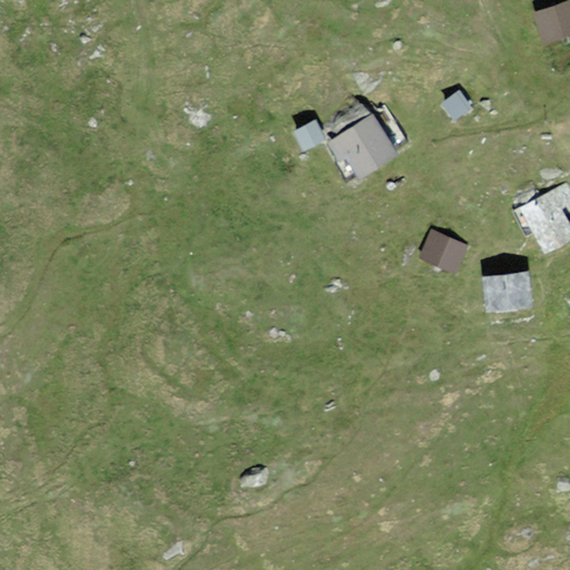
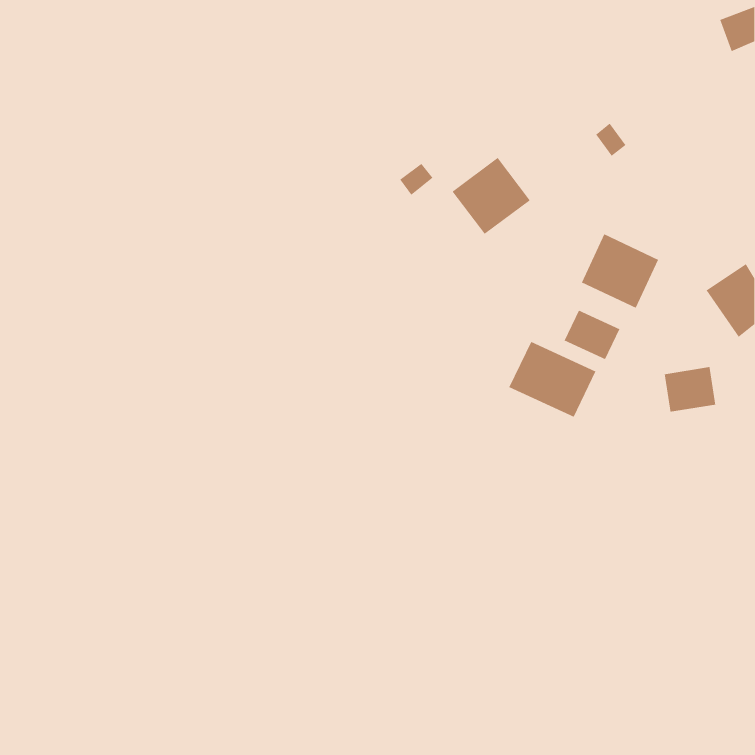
building: none -> [581,233,659,309]
building: none -> [508,341,597,418]

